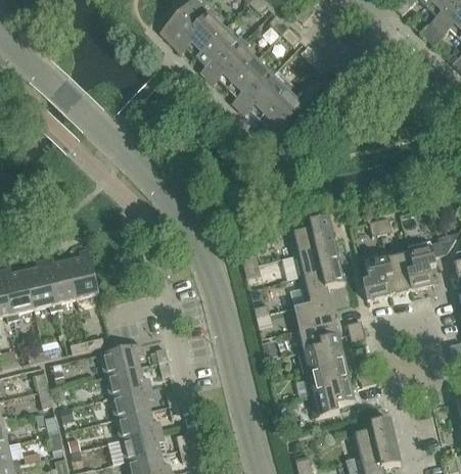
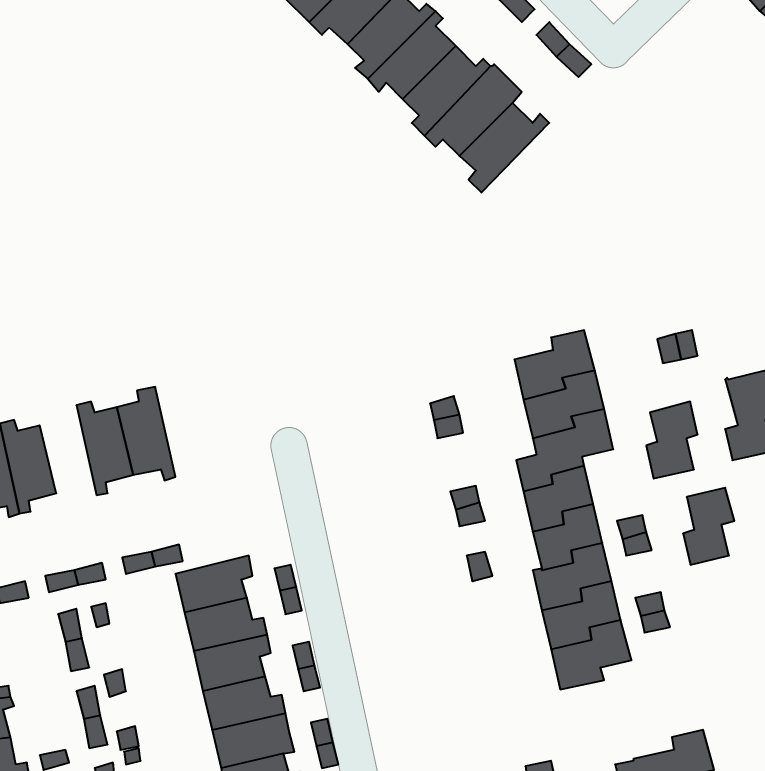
building: [385,250,414,293] -> [683,488,734,565]
building: [25,257,56,310] -> none
building: [351,416,395,455] -> none

